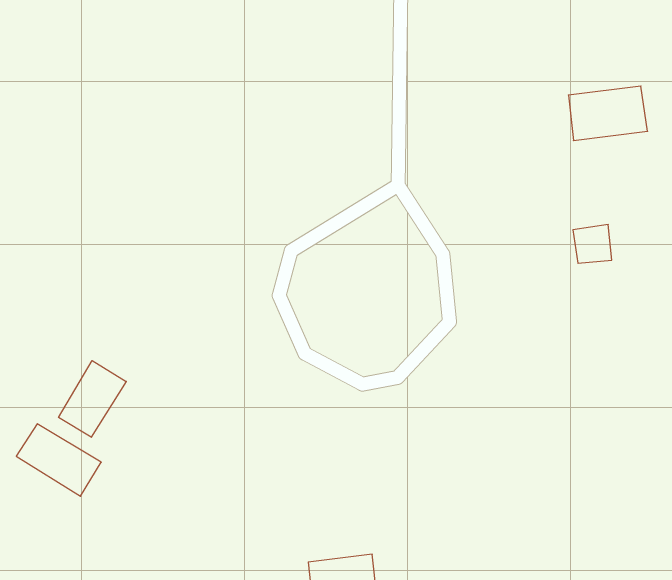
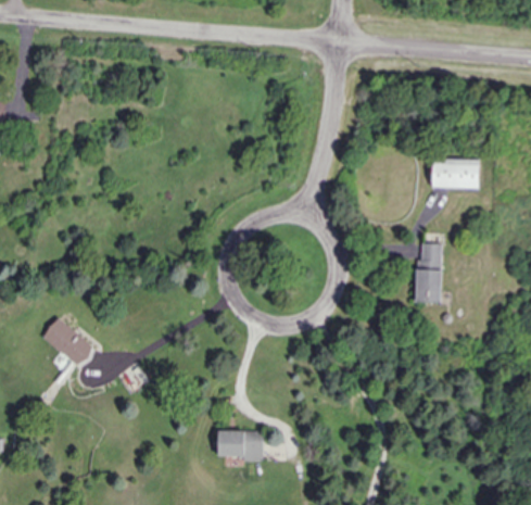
building: none -> [413,272,439,304]
building: [59,361,126,437] -> none

